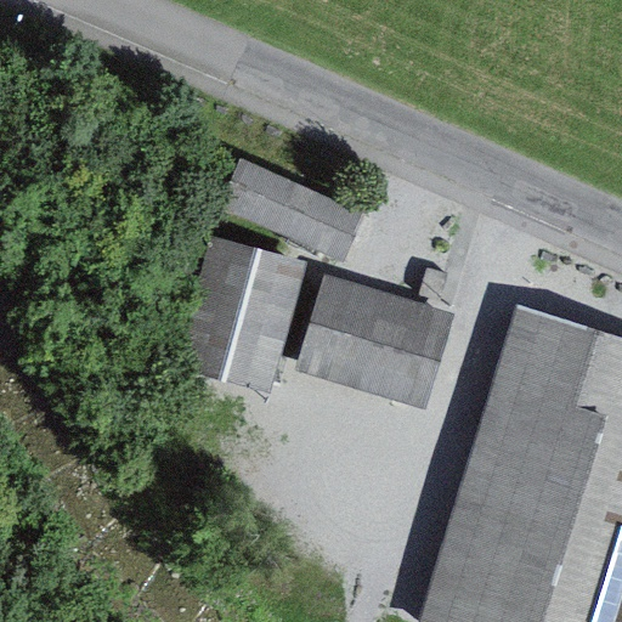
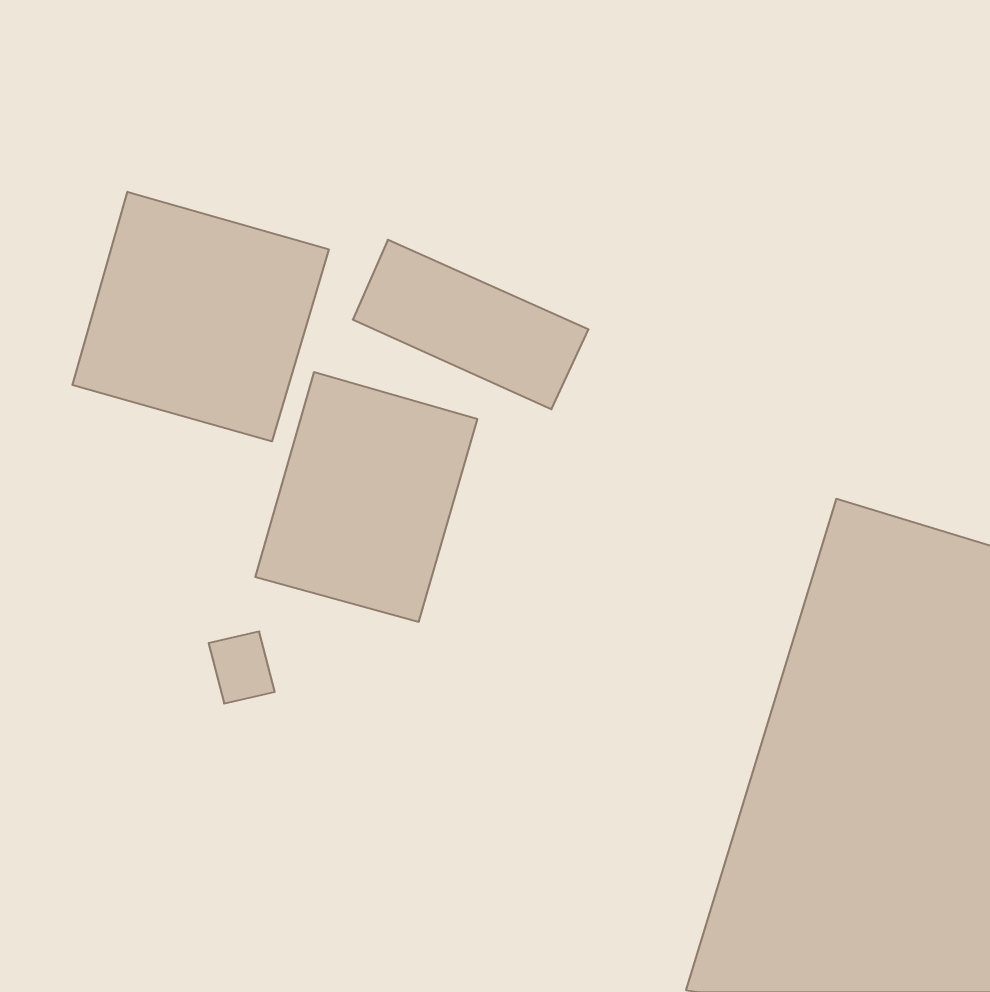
building: none -> [72,192,329,441]
building: [284,283,443,407] -> none

